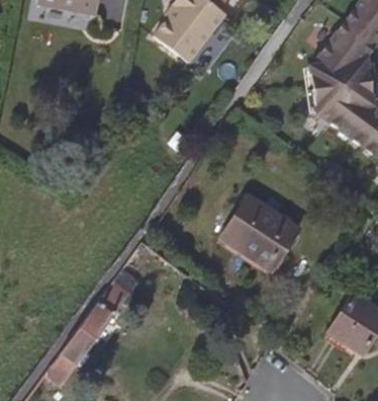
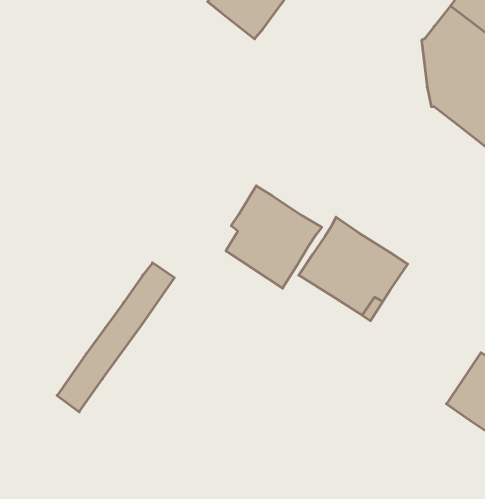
building: none -> [226,186,322,288]
building: [45,276,131,386] -> [57,263,174,412]

